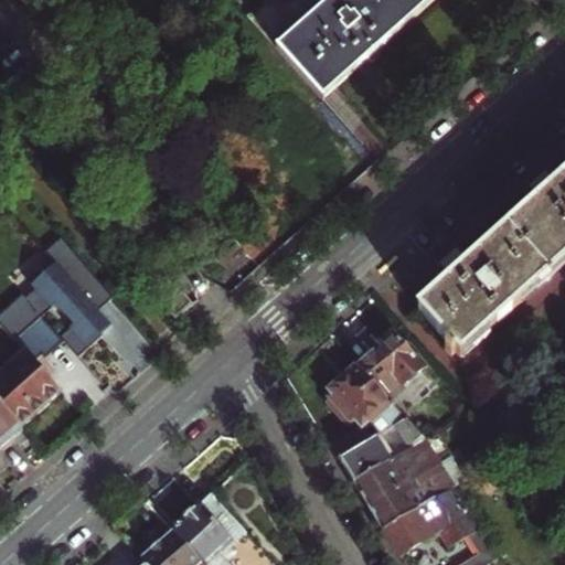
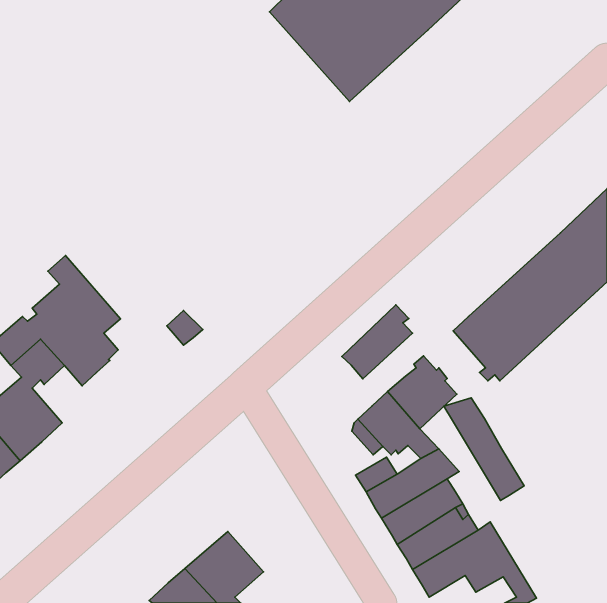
building: none -> [342,305,413,379]
building: none -> [444,398,524,500]

